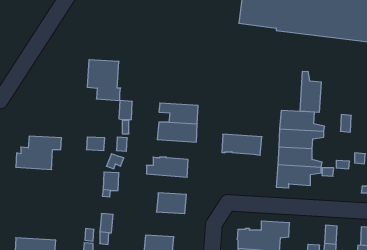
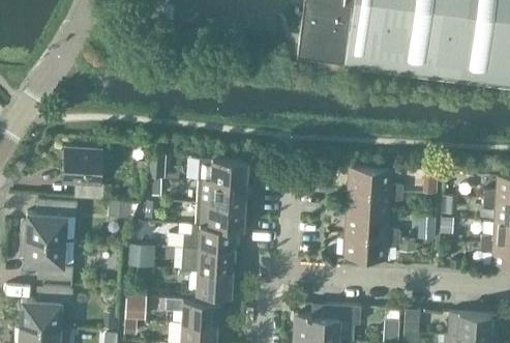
building: [87,60,121,101] -> [62,147,103,198]
building: [300,71,321,112] -> none
building: [222,134,262,155] -> [194,202,244,228]
building: none -> [19,236,72,280]
building: none -> [181,245,233,270]
building: none -> [20,286,71,327]
building: none -> [164,297,217,323]

